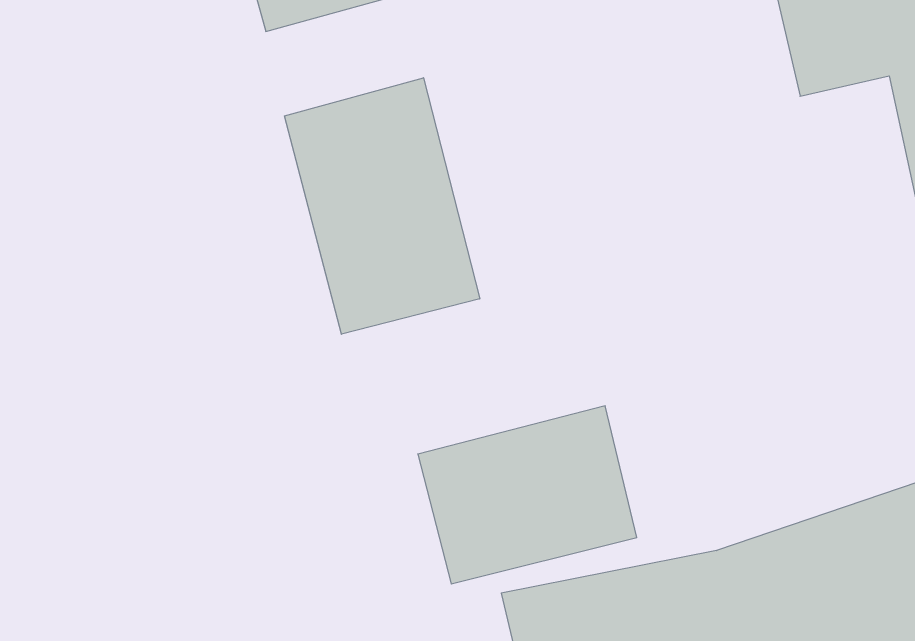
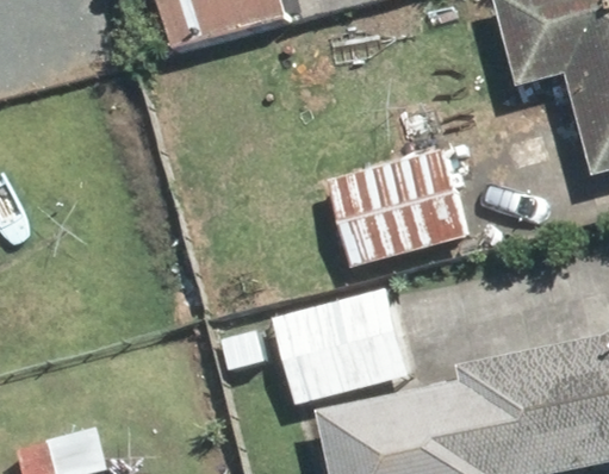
building: [284,78,480,334] -> none
building: none -> [323,152,466,267]

